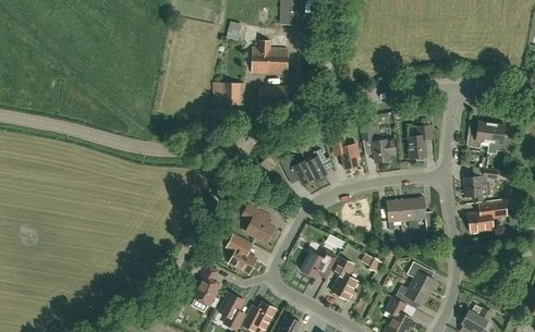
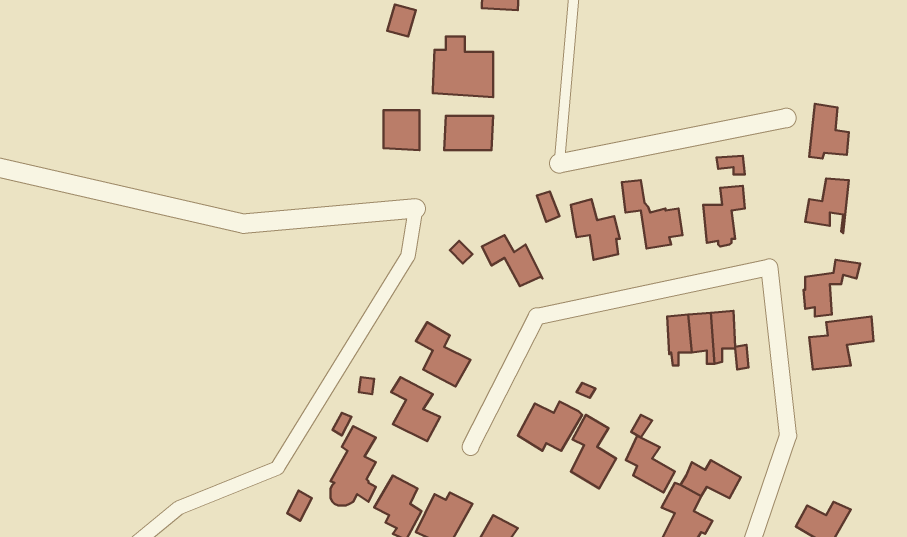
building: [488,122,511,153] -> [809,104,849,159]
building: [302,147,327,179] -> none
building: [408,260,436,293] -> [626,436,675,492]

